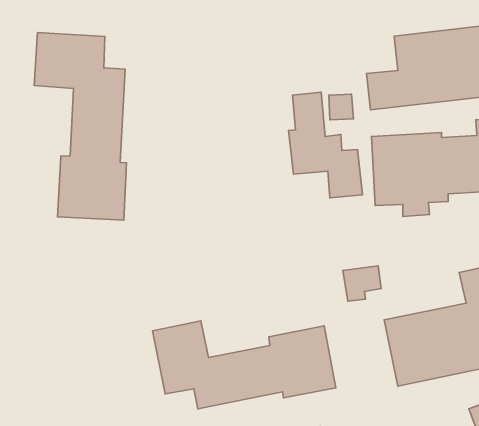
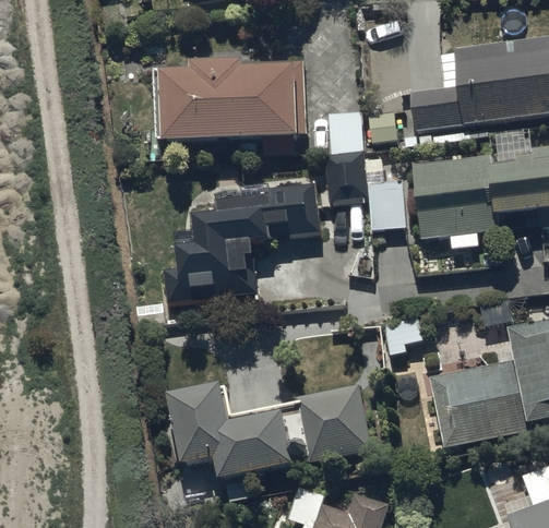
building: [34,32,127,220] -> none
building: none -> [159,67,302,159]
building: none -> [163,182,319,300]

